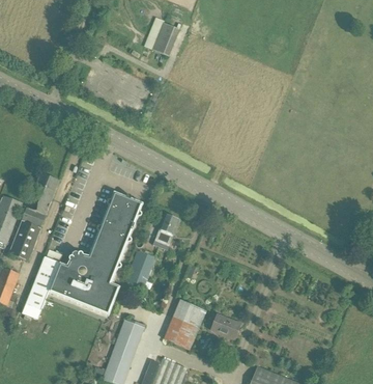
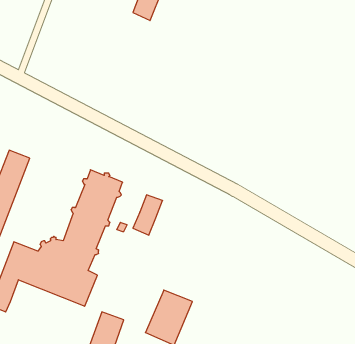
building: [127,250,154,286] -> none
building: [210,312,241,338] -> none

